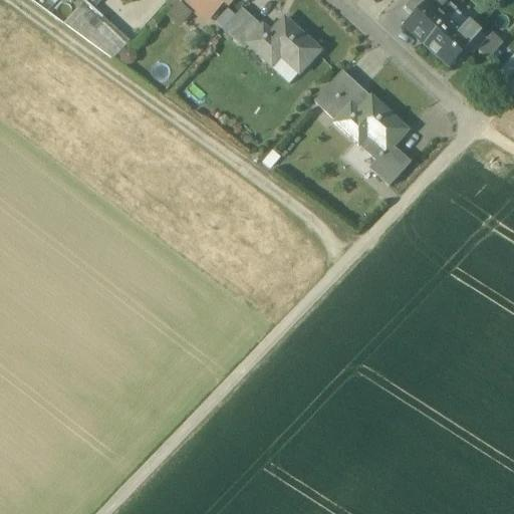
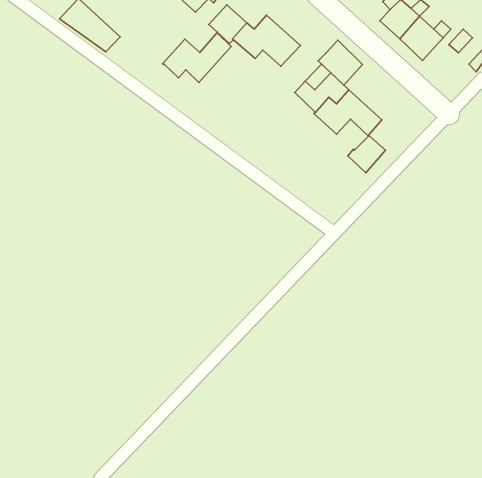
building: none -> [163,32,231,82]
building: none -> [318,40,362,85]
building: [358,126,393,160] -> none

